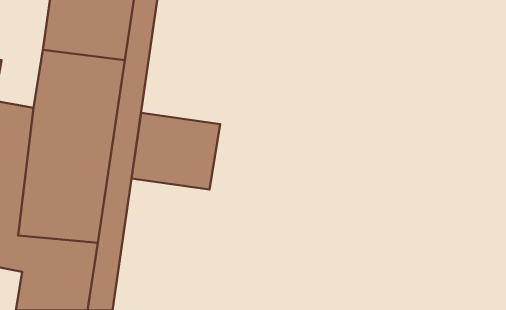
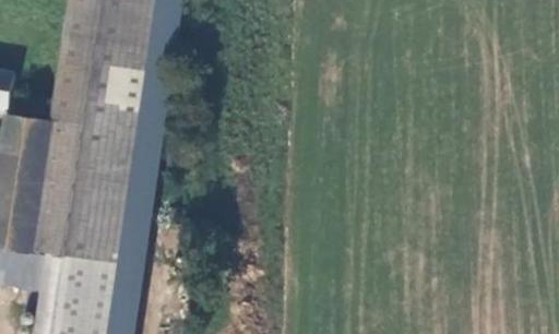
building: [131,113,220,190] -> none

